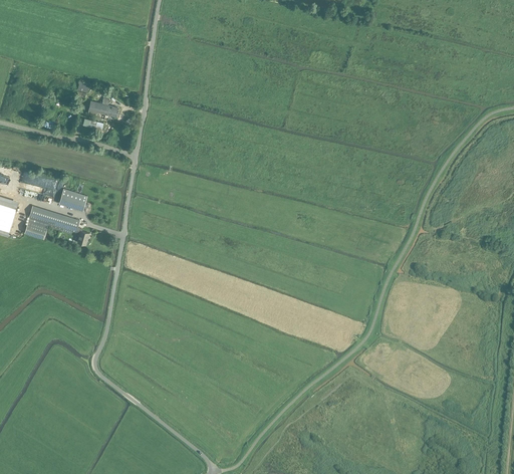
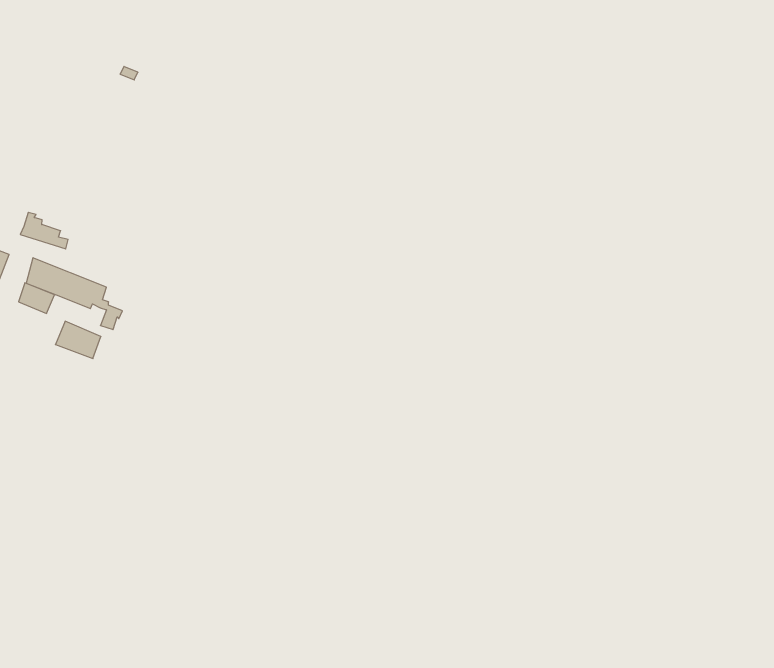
building: [87,97,117,118] -> none
building: [59,188,87,210] -> [55,321,101,359]

